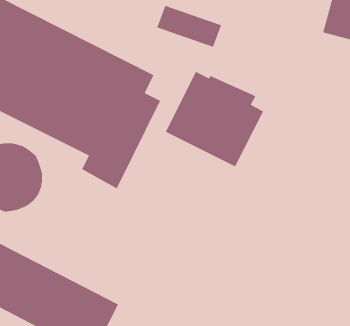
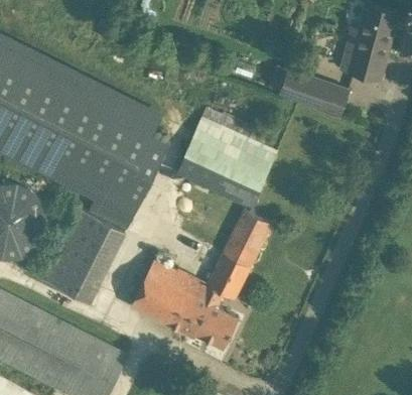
building: [156,5,222,48] -> [279,70,349,115]
building: none -> [130,211,271,350]
building: none -> [38,212,126,305]

